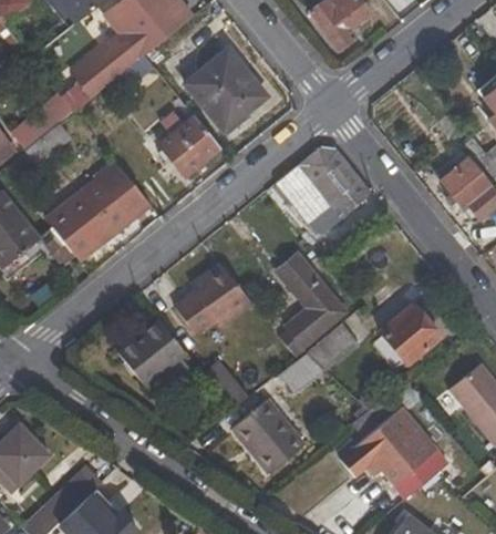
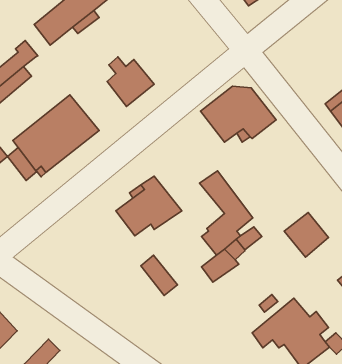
building: [187,49,266,129] -> none
building: [117,318,187,384] -> none
building: [233,399,303,472] -> none

